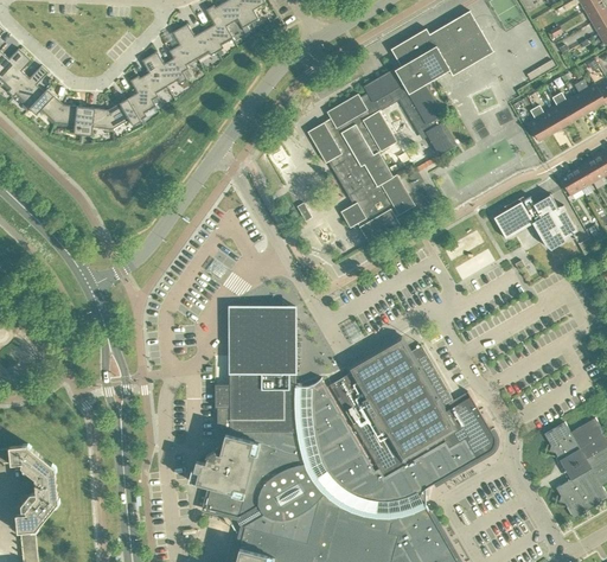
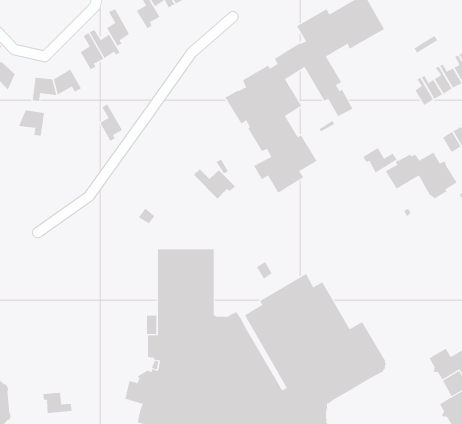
building: [180,24,217,58] -> none
building: [128,76,155,121] -> [99,104,123,142]
building: [56,104,87,135] -> [18,110,45,136]
building: none -> [362,144,398,173]
building: none -> [193,167,241,199]
building: none -> [43,391,72,414]

